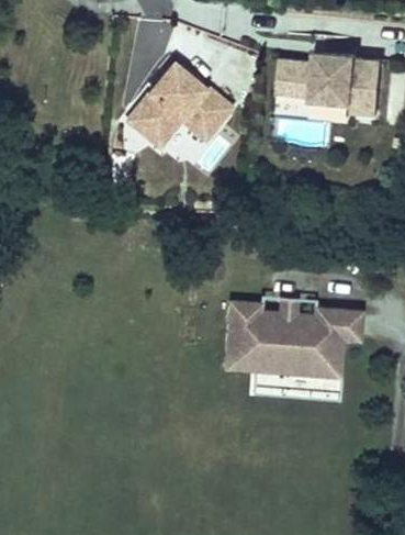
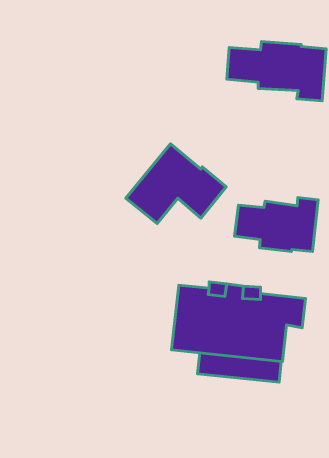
building: [128,62,234,145] -> [126,144,226,223]
building: none -> [235,198,318,252]

